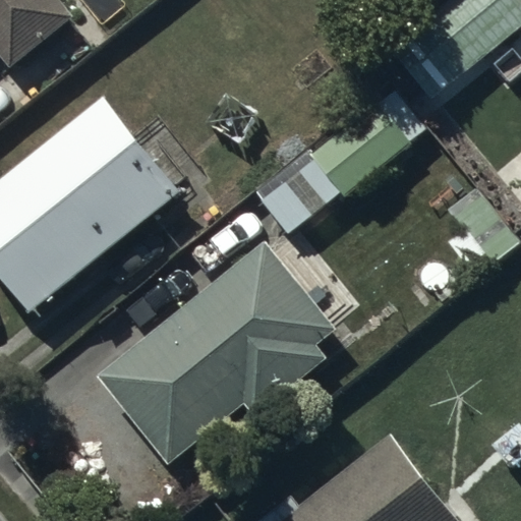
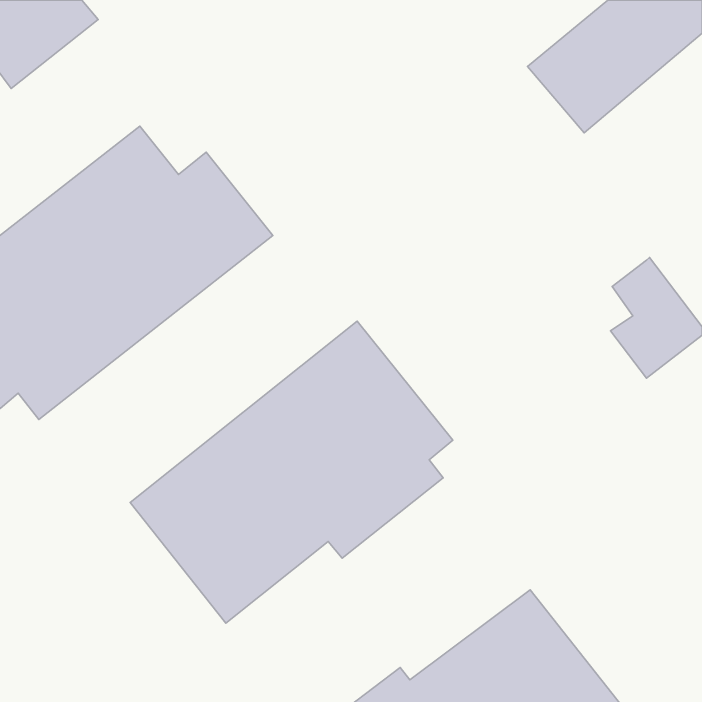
building: [253,91,426,234] -> none

